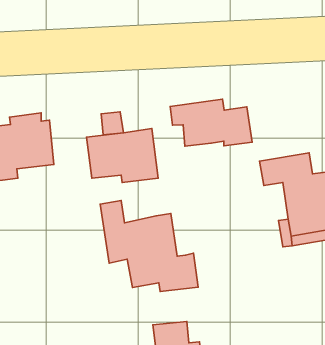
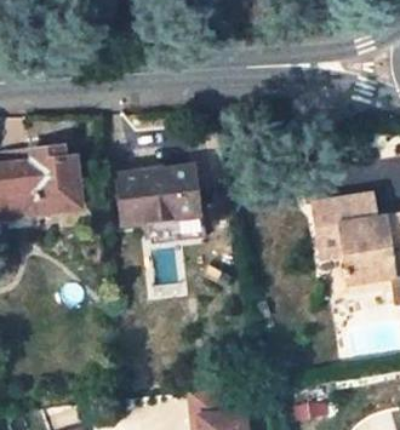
building: [170,99,252,146] -> none
building: [100,200,198,292] -> none

